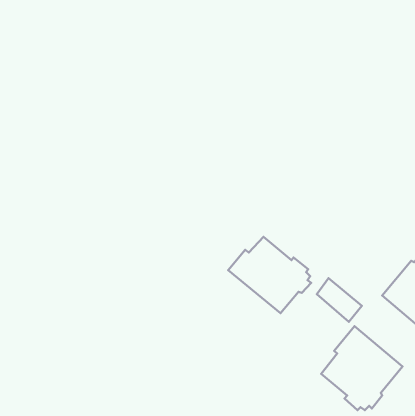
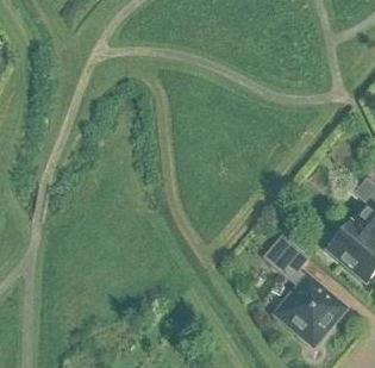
building: [228,237,311,313] -> none

